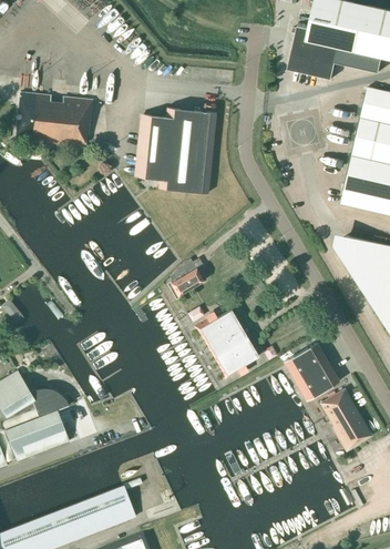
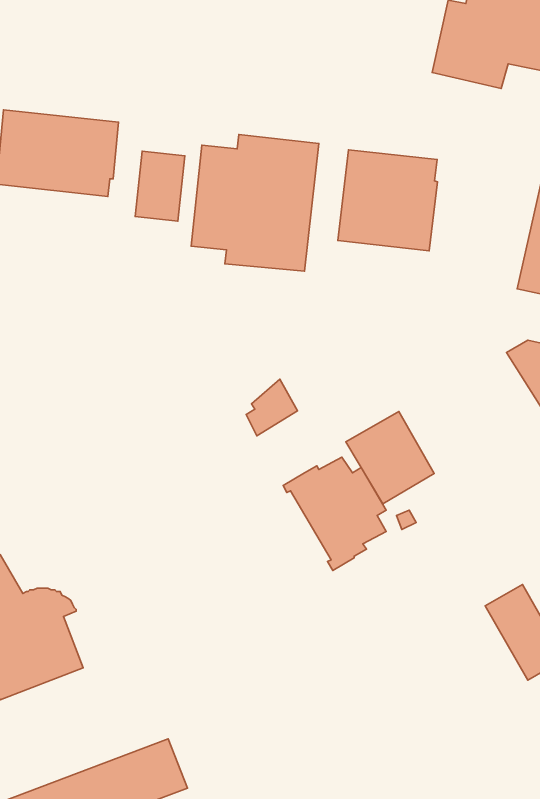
building: none -> [338,150,437,251]
building: none -> [135,151,185,221]
building: [284,343,339,400] -> [346,412,434,504]

